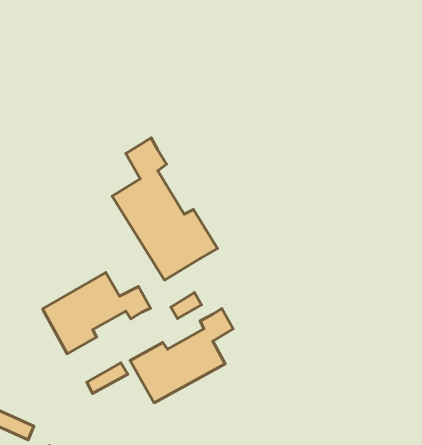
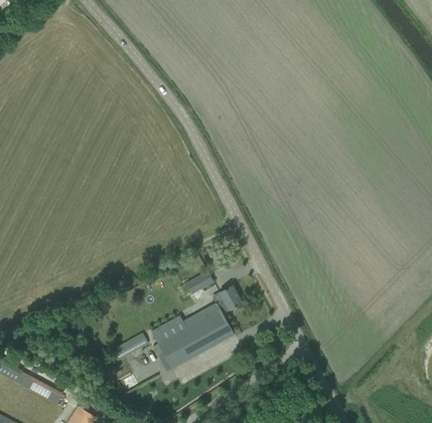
building: [112,138,218,280] -> none
building: [43,273,151,354] -> none

